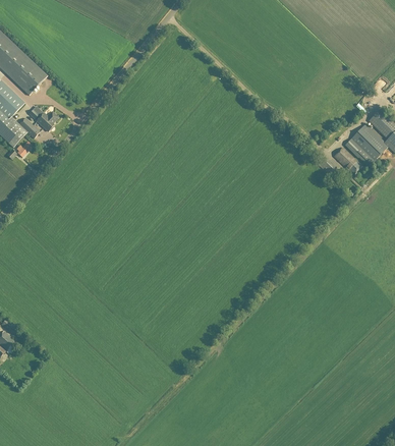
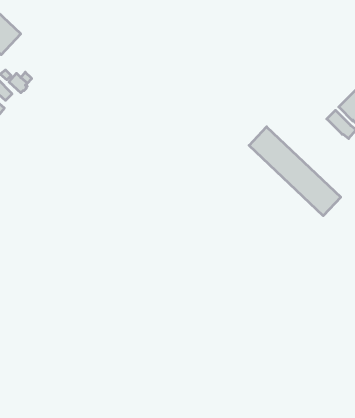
building: none -> [249,127,341,216]

